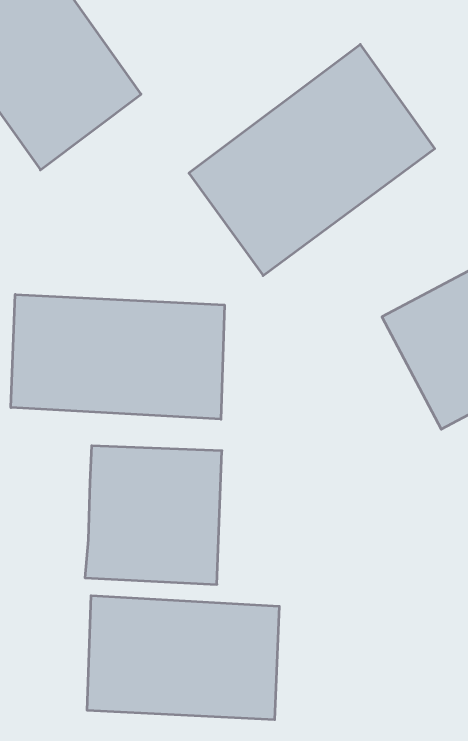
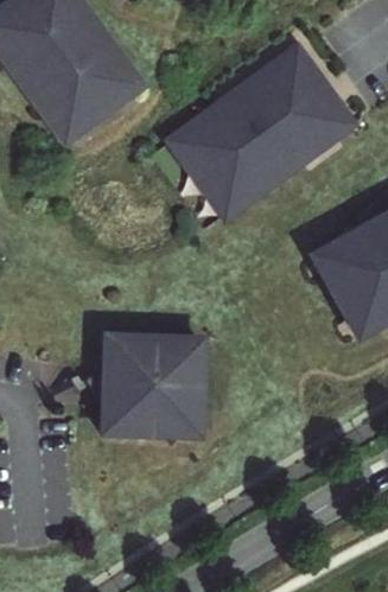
building: [11,294,224,419] -> none
building: [87,596,279,720] -> none

